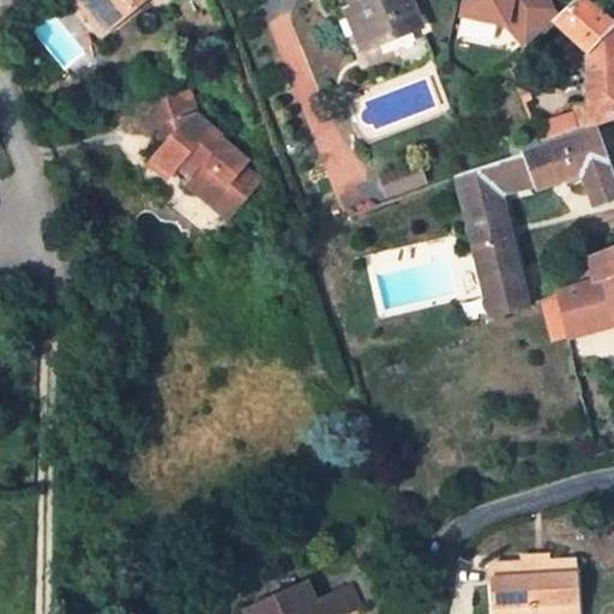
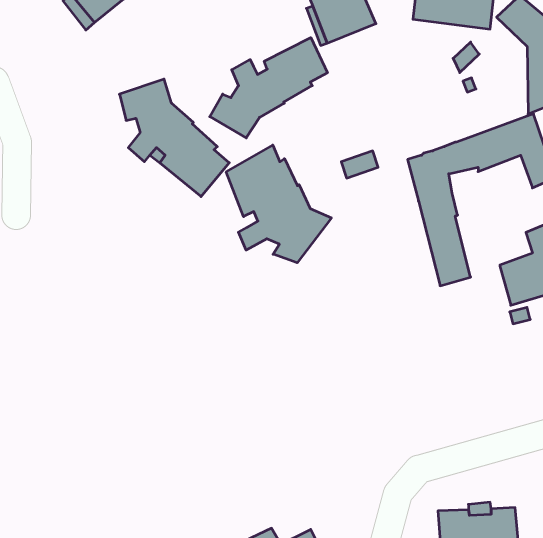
building: none -> [210,38,327,138]
building: none -> [226,145,331,263]

